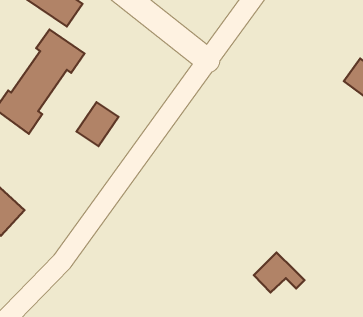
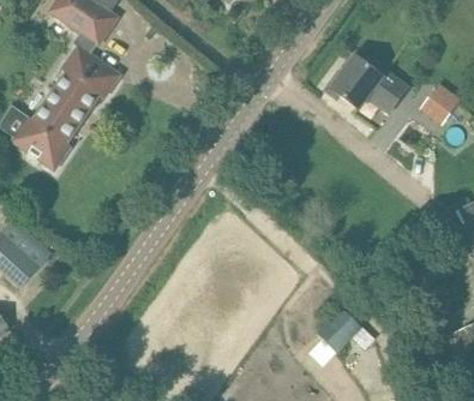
building: none -> [323,56,407,112]
building: [77,102,118,146] -> none

